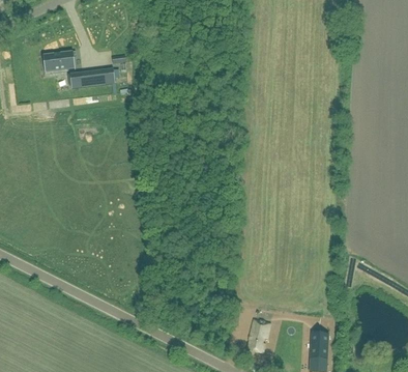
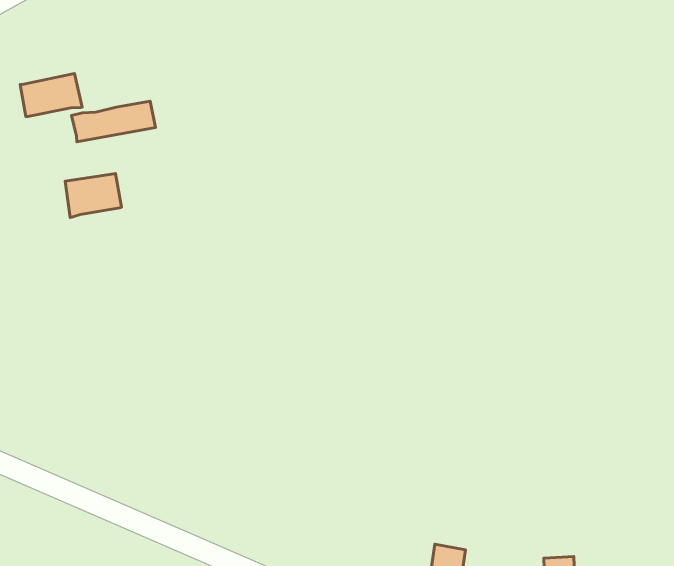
building: none -> [65,173,122,218]

